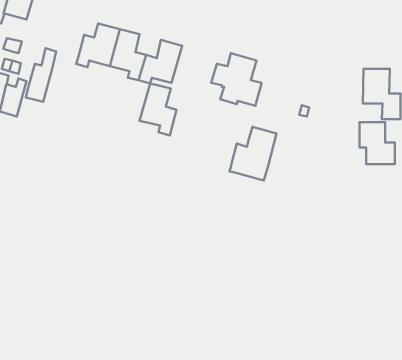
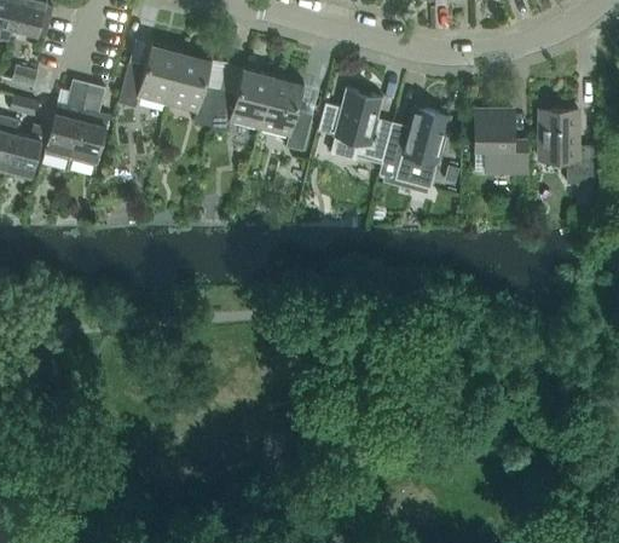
building: none -> [69,85,108,166]
building: [139,84,177,136] -> [258,76,312,152]
building: [359,122,395,164] -> [474,111,526,173]
building: [229,127,276,181] -> [378,108,447,186]

